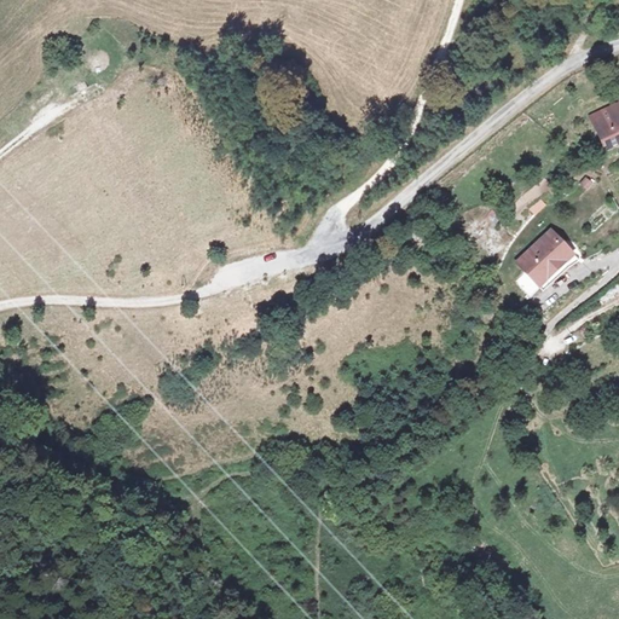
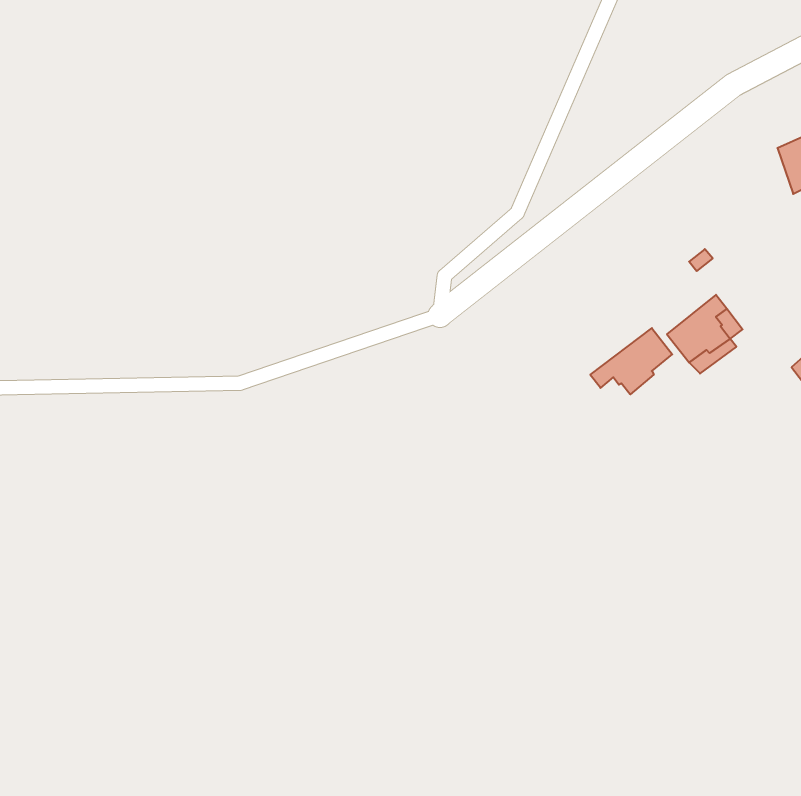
building: none -> [590,328,672,394]

